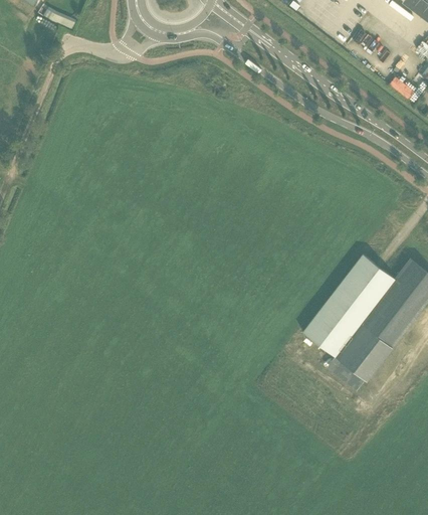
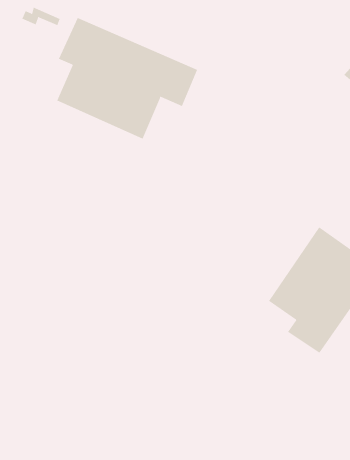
building: none -> [57,17,198,140]

